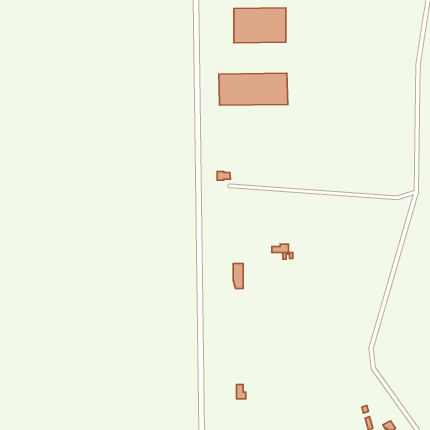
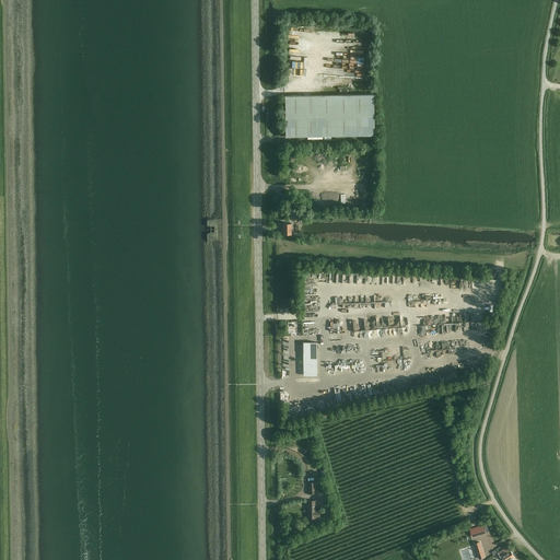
building: [234,8,286,43] -> none

